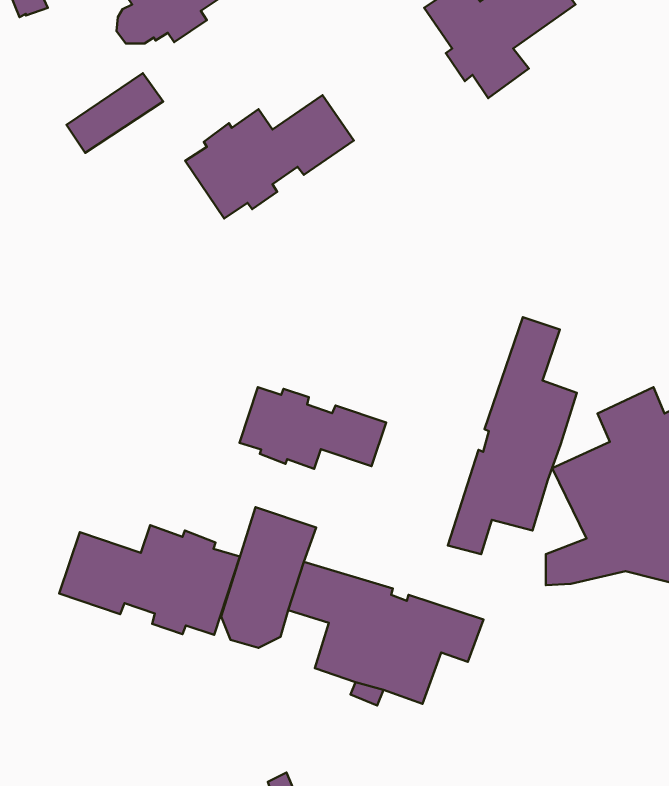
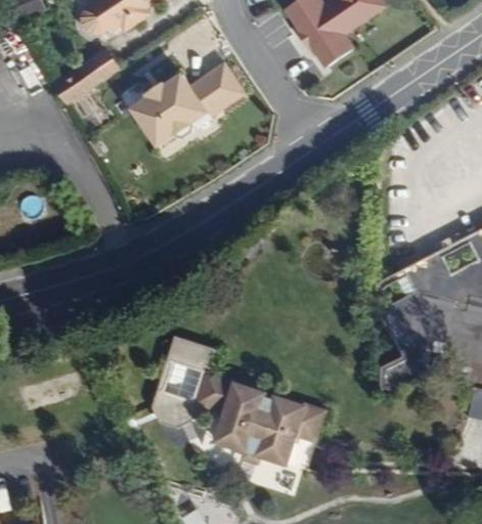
building: [448,317,577,554] -> none
building: [239,387,386,469] -> none
building: [59,525,240,635] -> none

